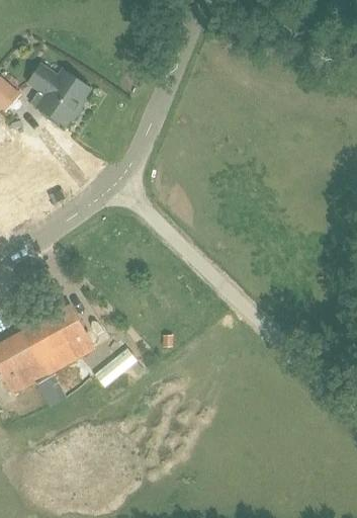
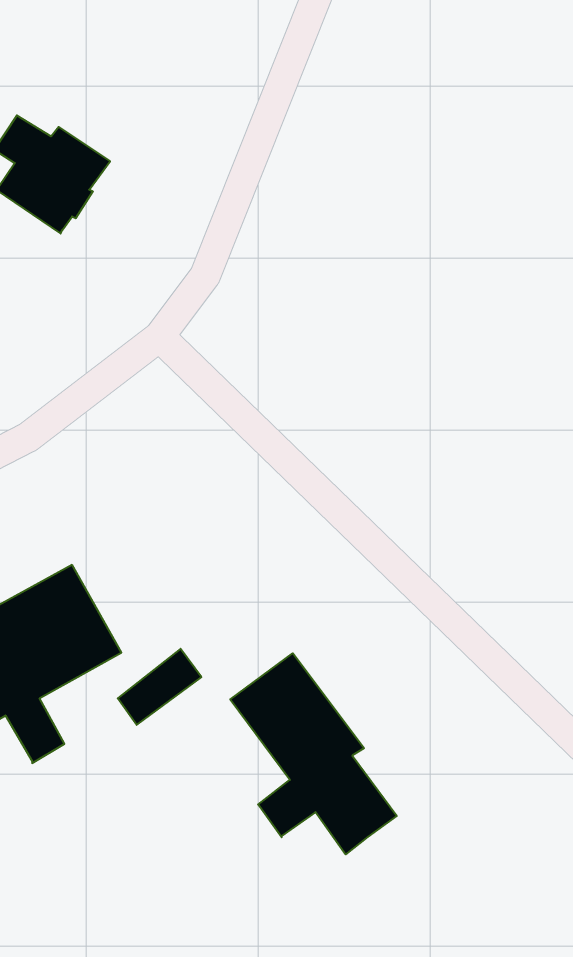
building: none -> [230,653,397,854]

